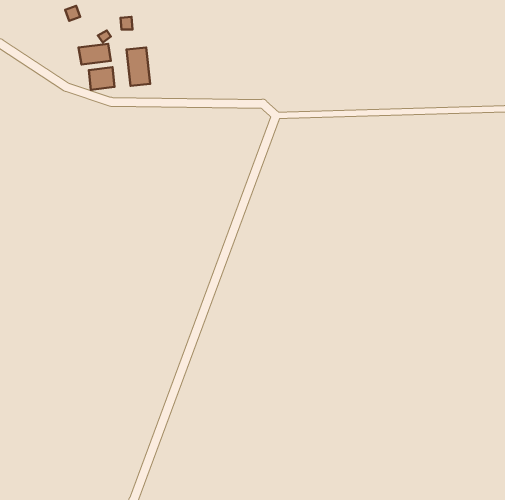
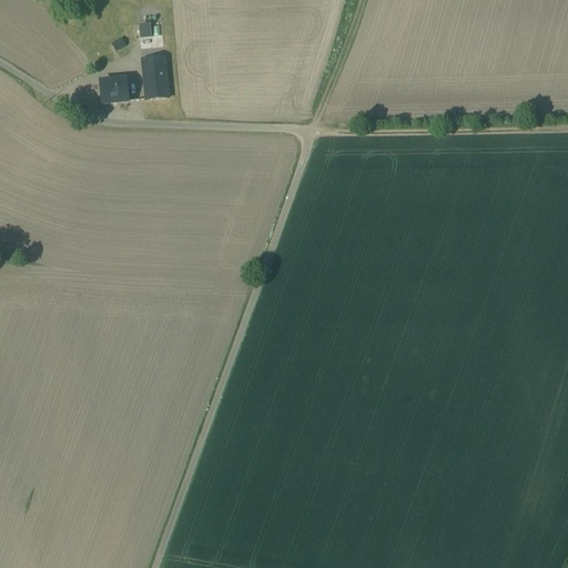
building: [79,44,111,65] -> none

